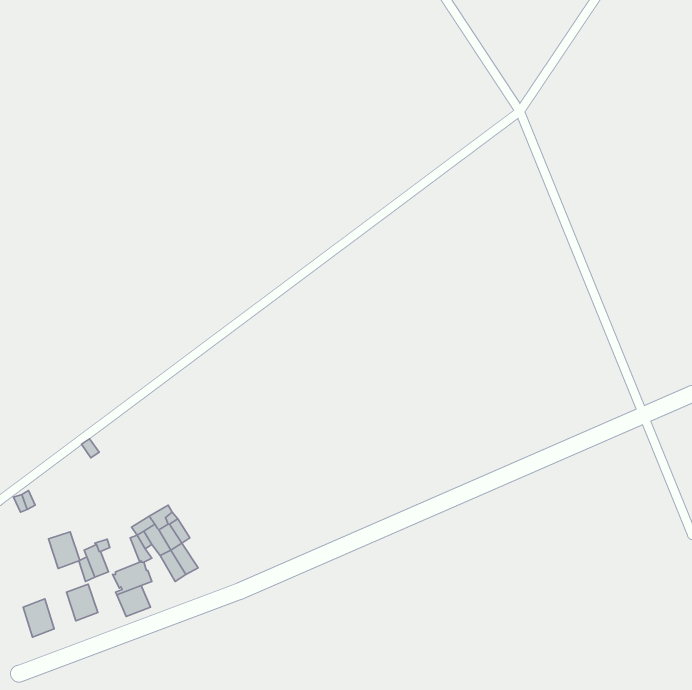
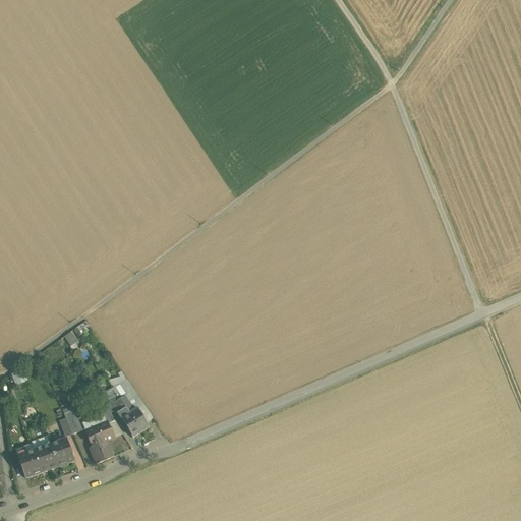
building: [49,532,80,569] -> [34,444,57,471]

